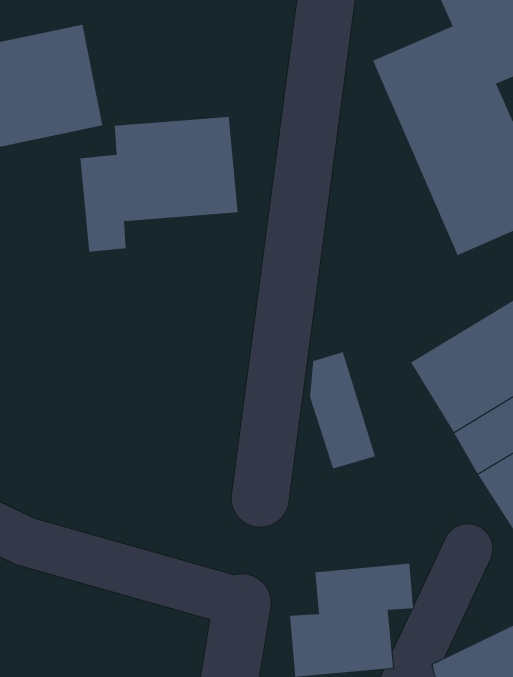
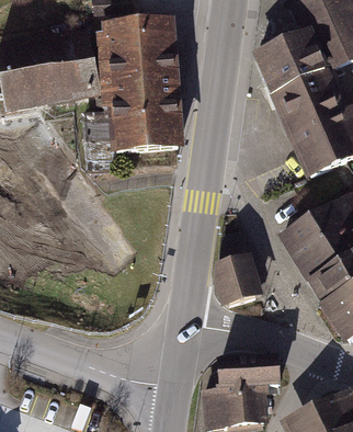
building: none -> [95,22,169,93]

